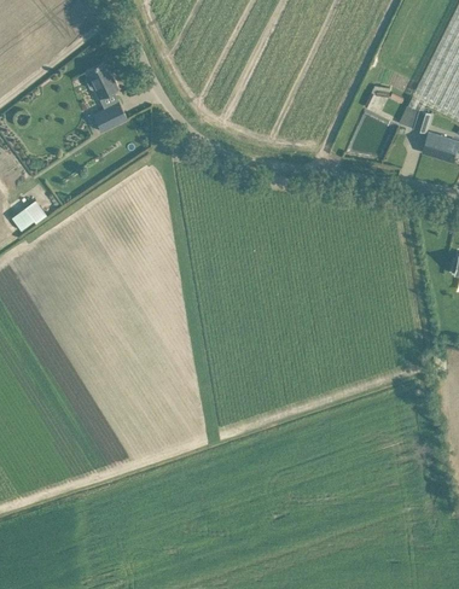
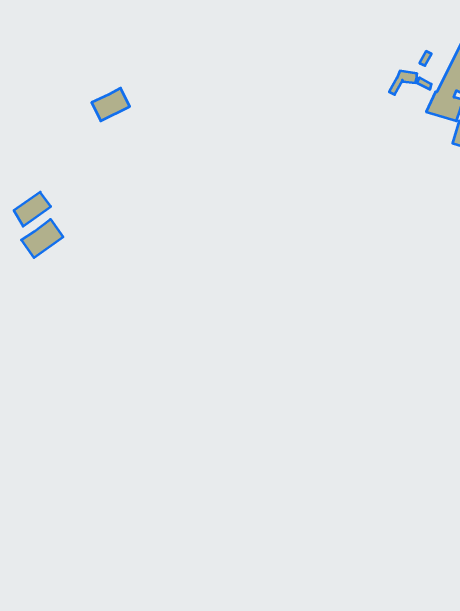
building: [83,62,116,98] -> none
building: none -> [21,219,63,258]

